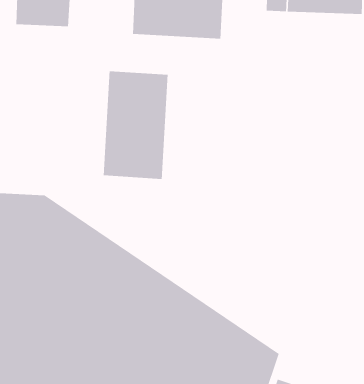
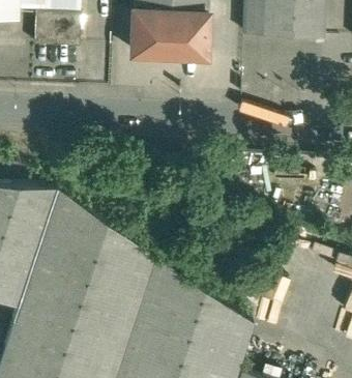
building: [103,70,168,180] -> none

